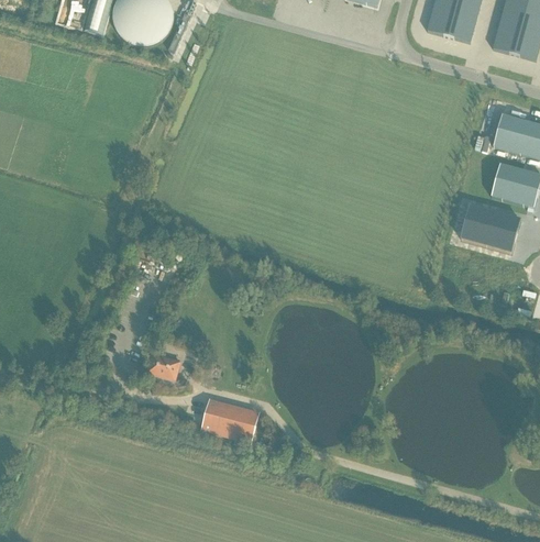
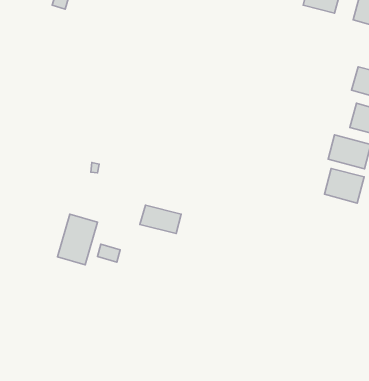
building: none -> [325,169,364,203]
building: none -> [57,214,97,265]
building: [200,400,256,439] -> [140,205,181,233]

